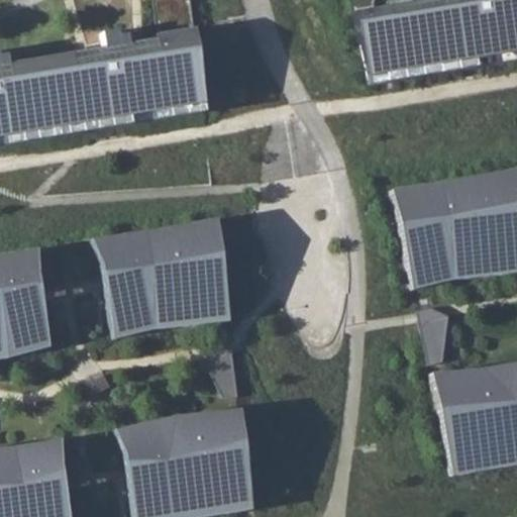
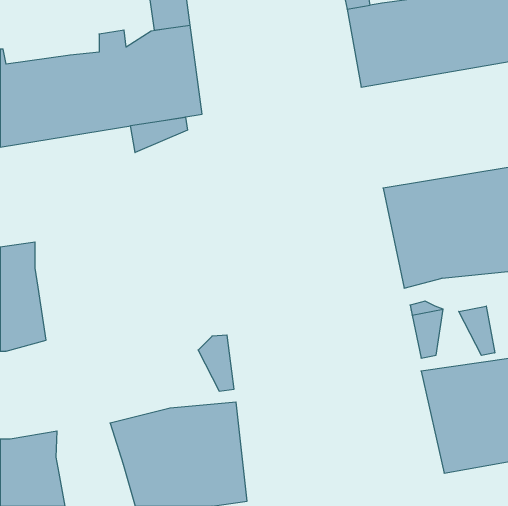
building: none -> [131,117,187,153]
building: [92,214,230,335] -> none
building: none -> [459,306,495,355]

